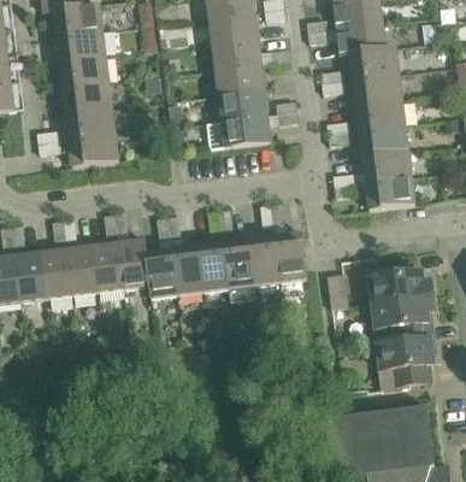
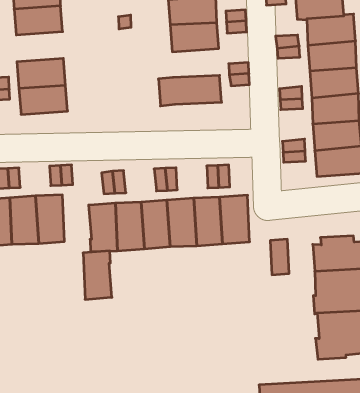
building: [63,82,111,114] -> none
building: [218,89,266,120] -> none
building: [118,240,149,289] -> [83,251,112,299]

